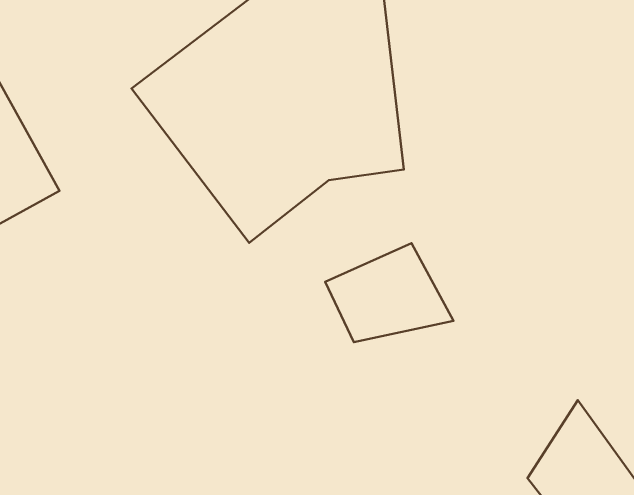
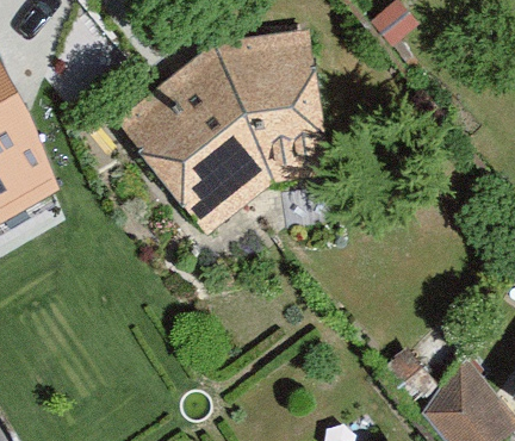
building: [325,243,454,342] -> none

